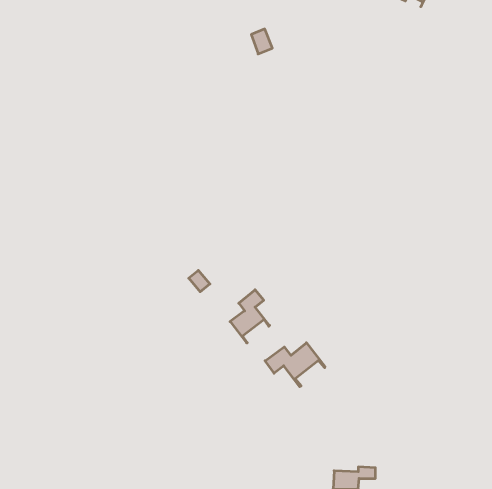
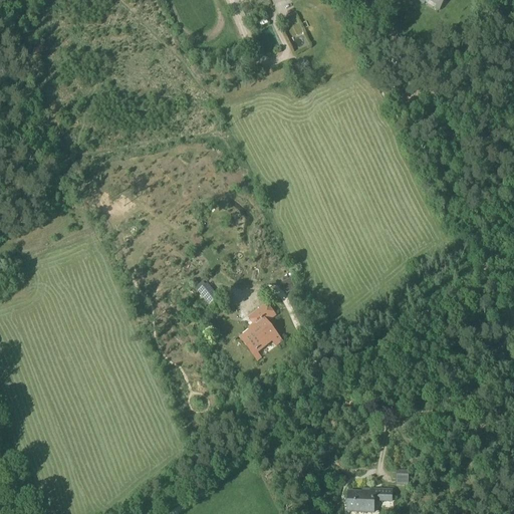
building: [265,343,325,387] -> none

